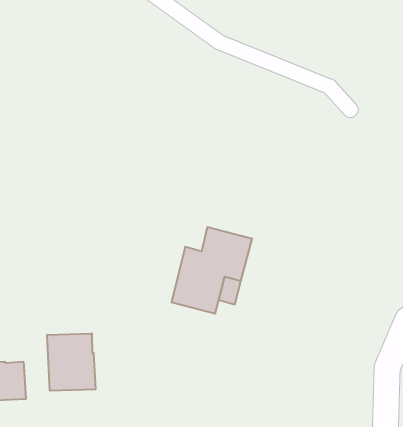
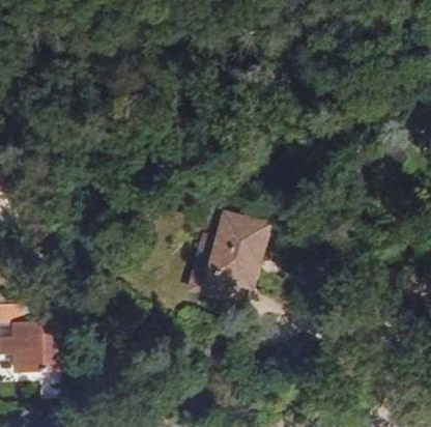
building: [47,333,96,391] -> none

